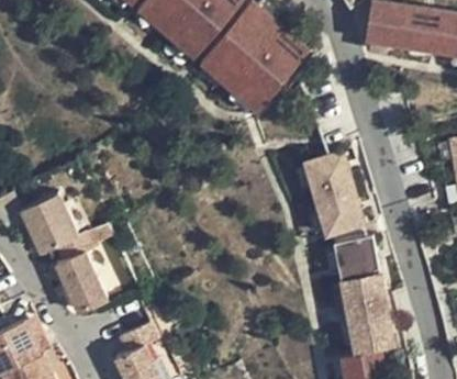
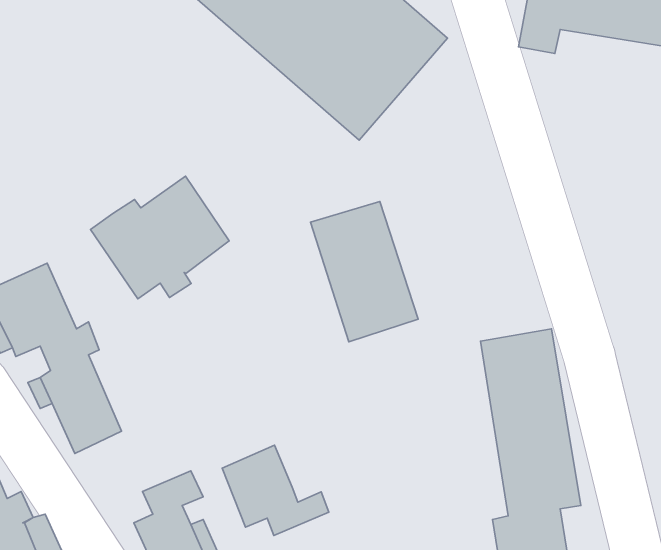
building: none -> [91,176,229,299]
building: [300,151,368,239] -> [311,201,418,342]
building: none -> [222,445,329,536]

